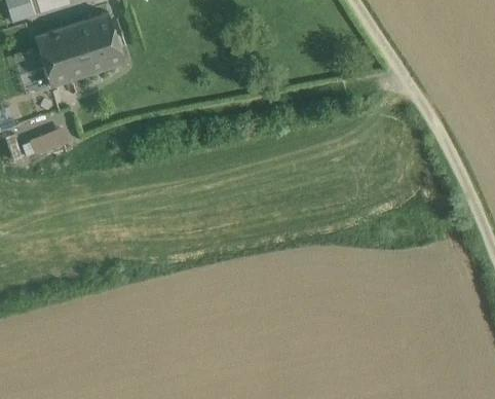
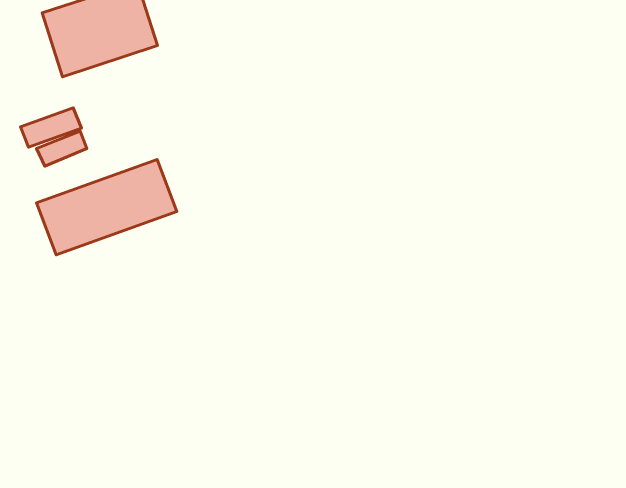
building: none -> [37,160,177,255]

